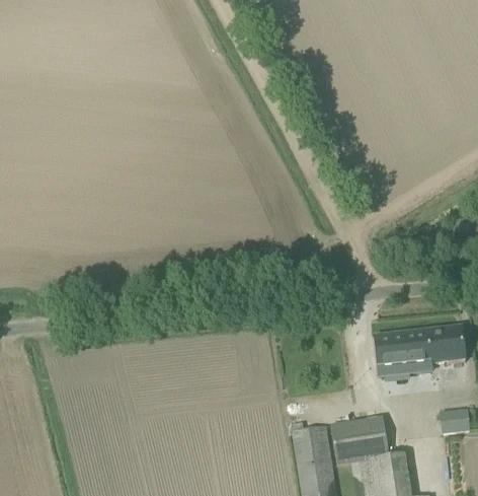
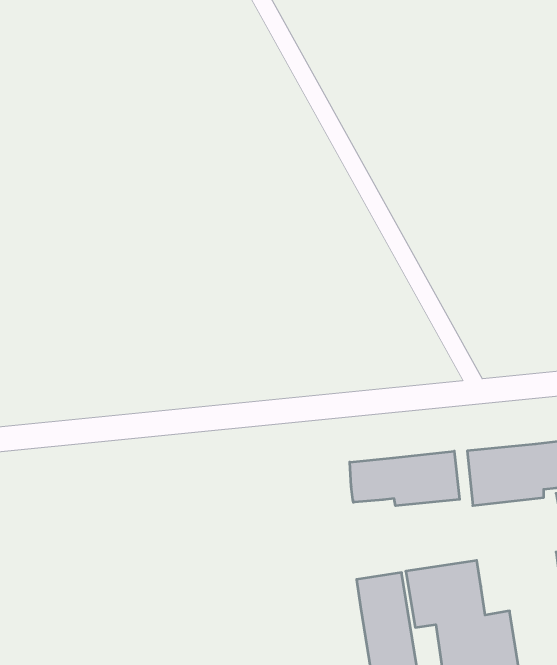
building: none -> [350,451,460,506]

